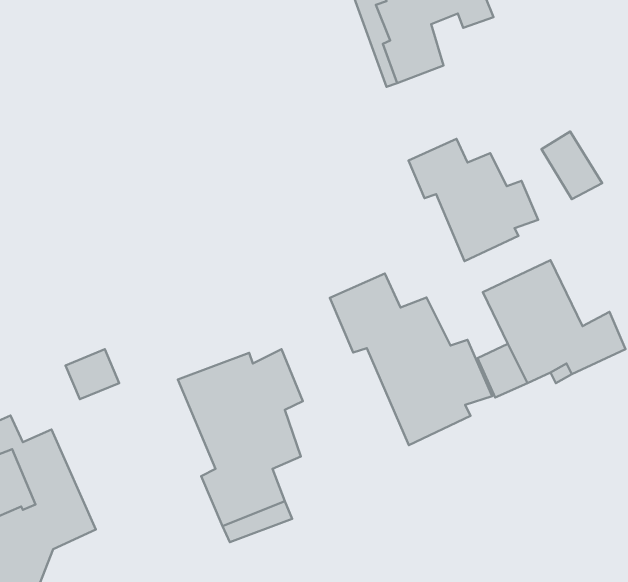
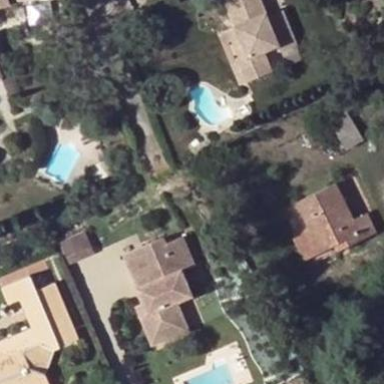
building: [409,139,538,261] -> none
building: [330,273,492,445] -> none

